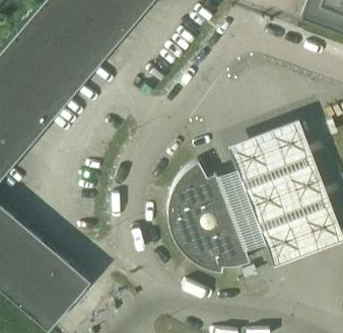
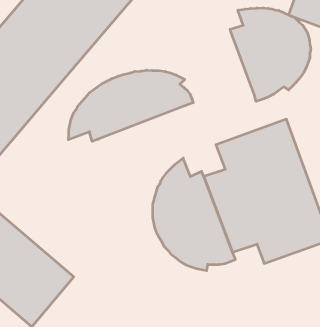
building: none -> [230,8,311,101]
building: none -> [68,70,193,141]

